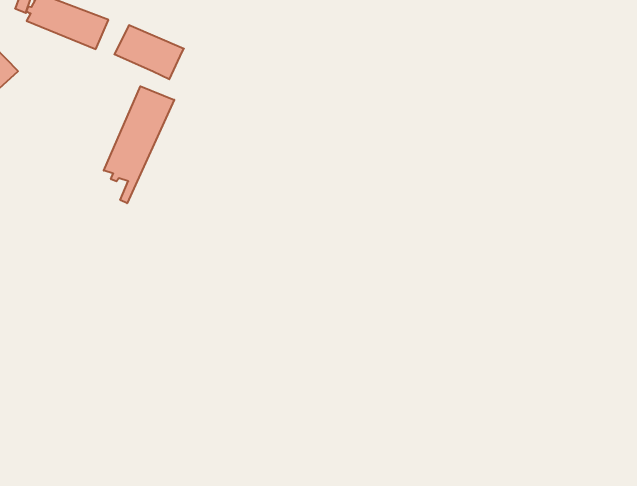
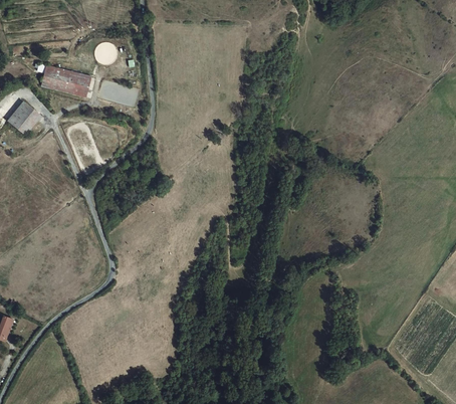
building: [104,86,174,203] -> none

